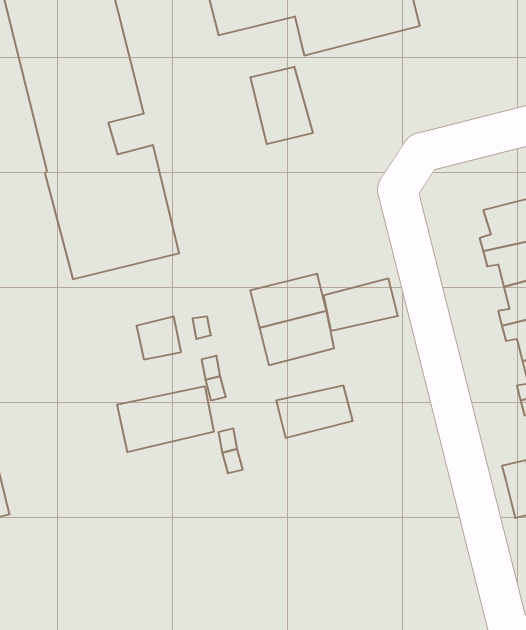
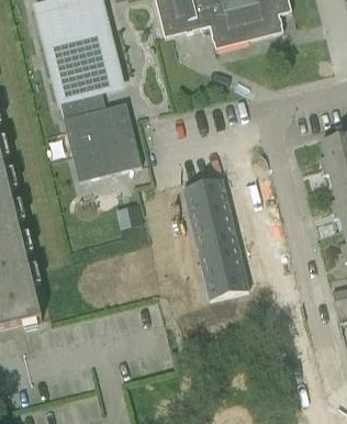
building: [250,67,313,144] -> none
building: [323,279,398,331] -> [194,221,238,252]
building: [117,386,214,452] -> none
building: none -> [204,264,249,295]

